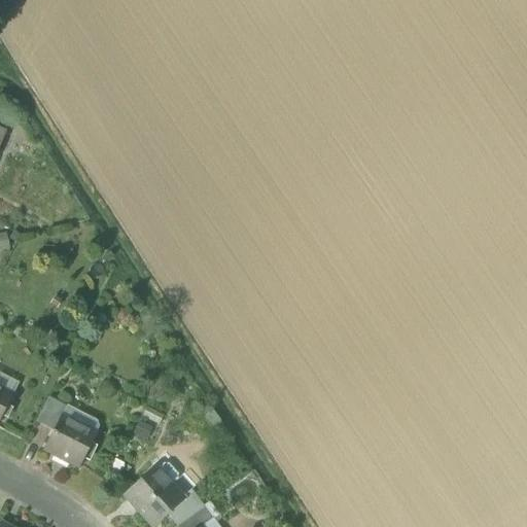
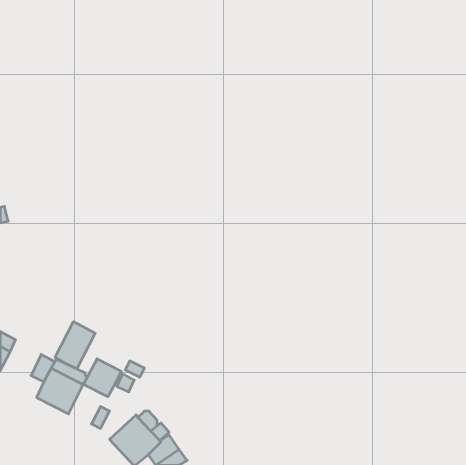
building: none -> [55,322,95,369]
building: none -> [84,359,121,397]

